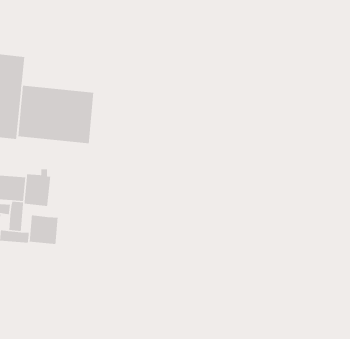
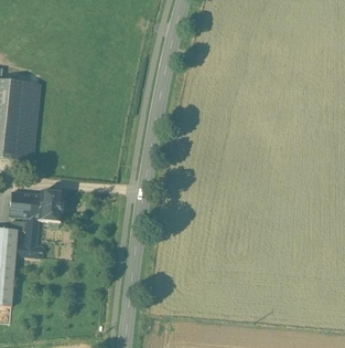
building: [18,85,94,144] -> none
building: [29,215,59,245] -> none

